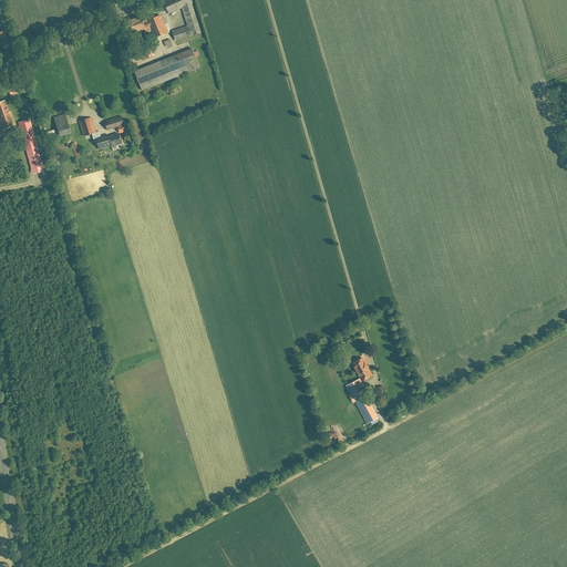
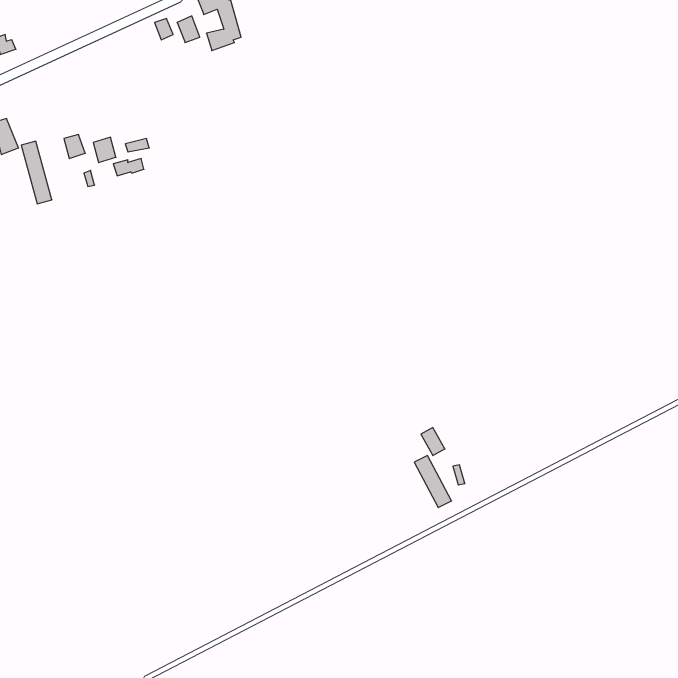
building: [134,47,199,87] -> none

